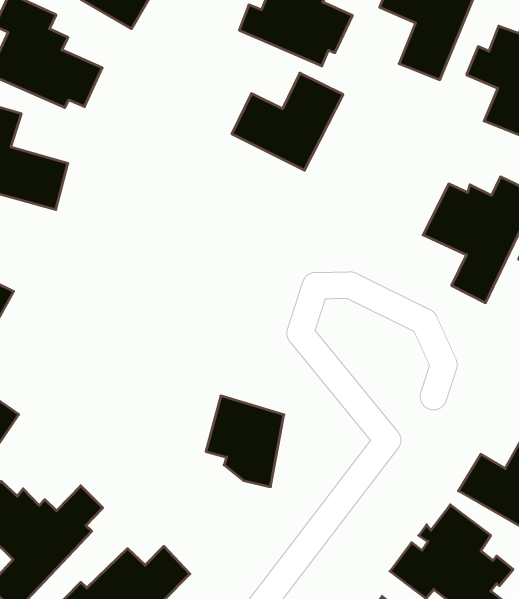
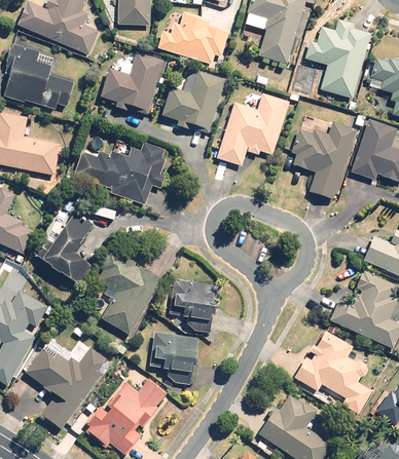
building: none -> [98,52,162,113]
building: none -> [215,92,289,165]
building: none -> [72,142,166,204]
building: none -> [35,211,93,286]
building: none -> [97,250,161,334]
building: none -> [149,331,196,383]

